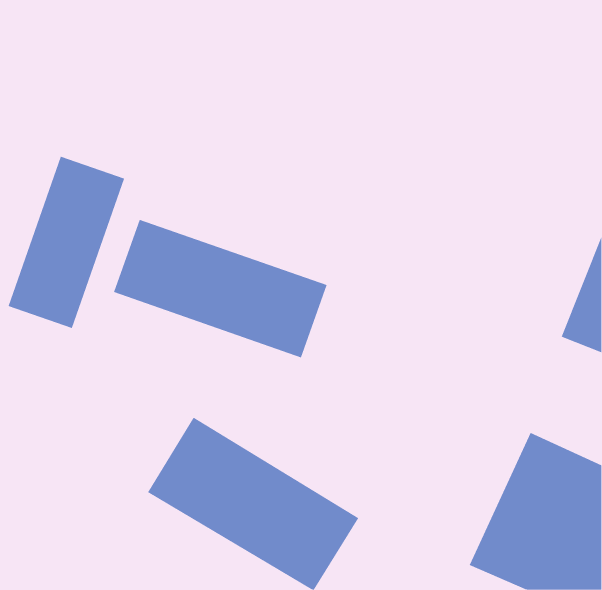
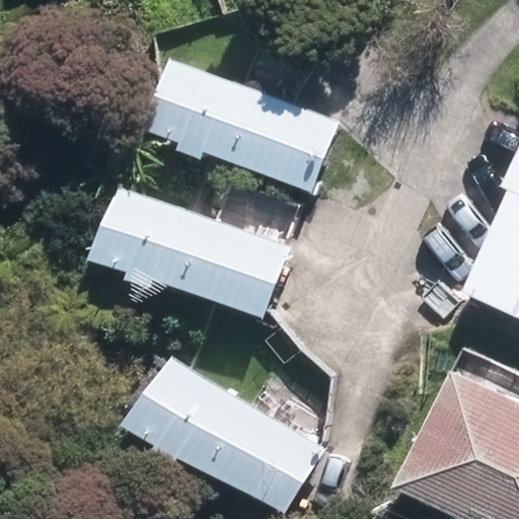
building: none -> [148,64,333,183]
building: [8,156,125,329] -> none

